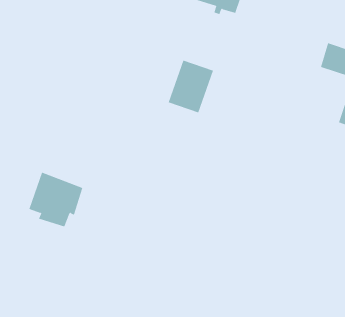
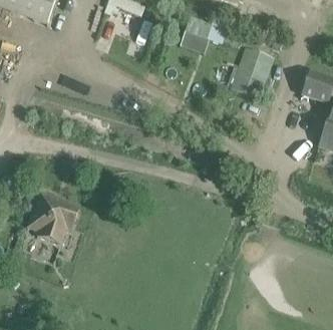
building: [168,60,214,113] -> [231,47,274,97]

